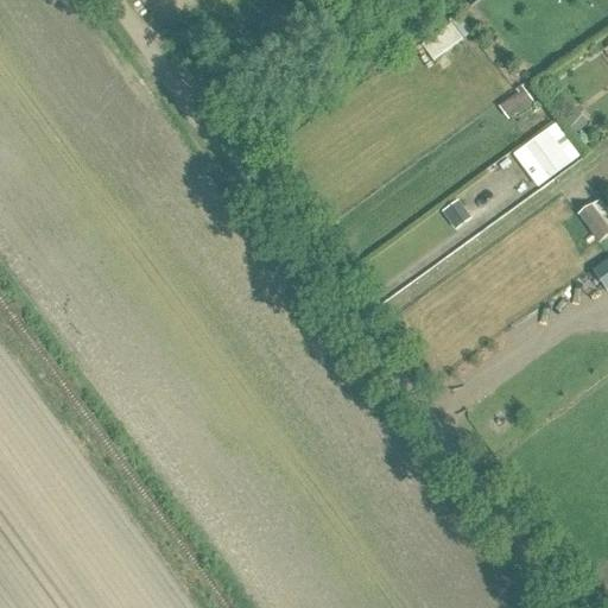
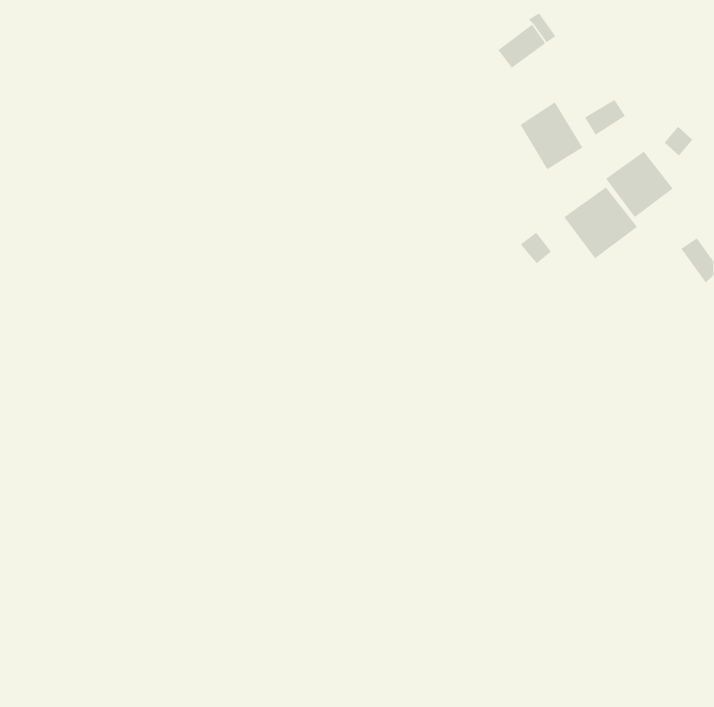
building: none -> [520,101,583,170]
building: none -> [564,187,638,259]

